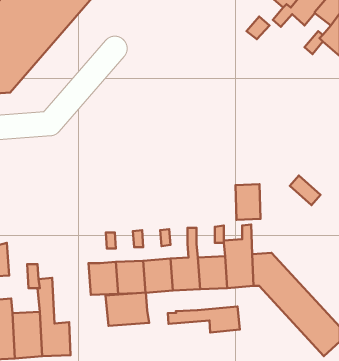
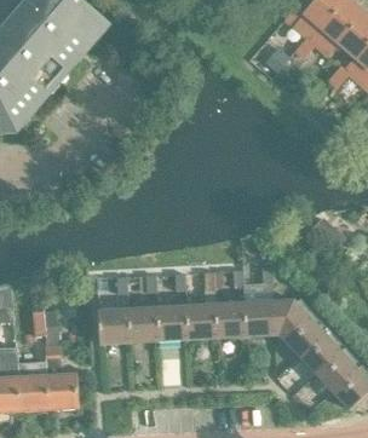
building: [235,184,260,220] -> none
building: [105,293,149,326] -> none
building: [168,307,240,332] -> none

